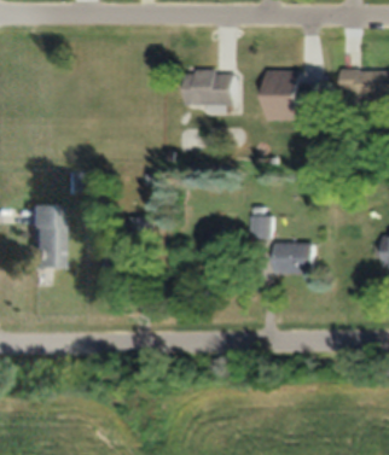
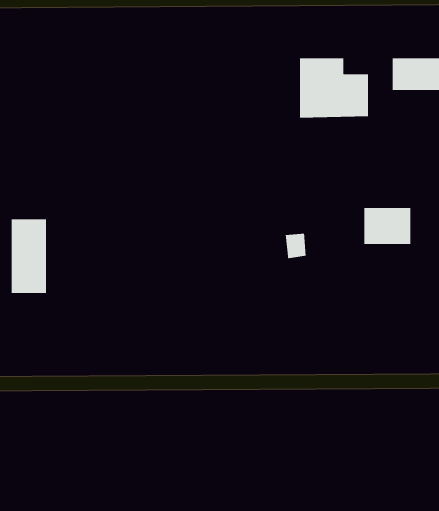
building: [188,72,237,105] -> none
building: [278,243,318,274] -> [363,207,411,245]

